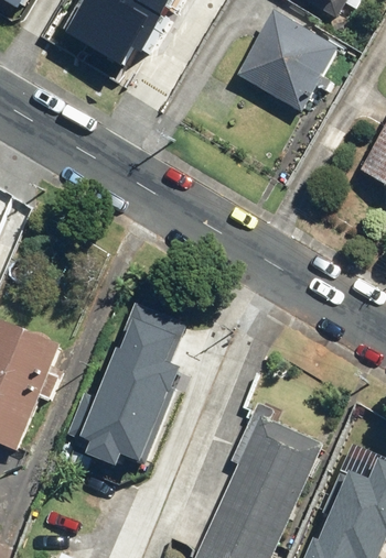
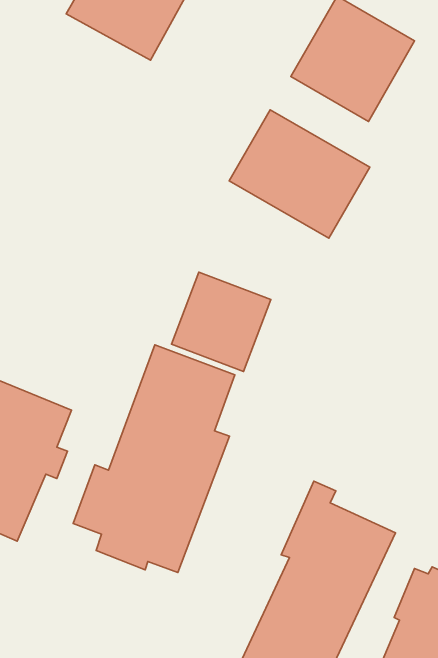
building: none -> [229,110,370,238]
building: none -> [172,272,271,371]

